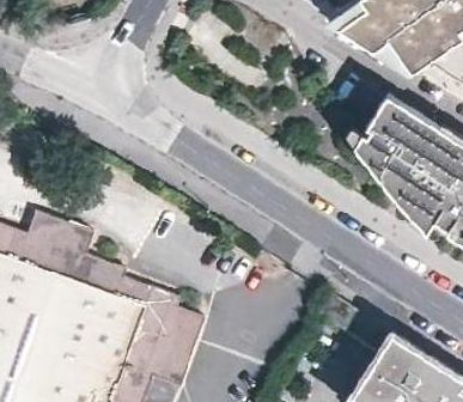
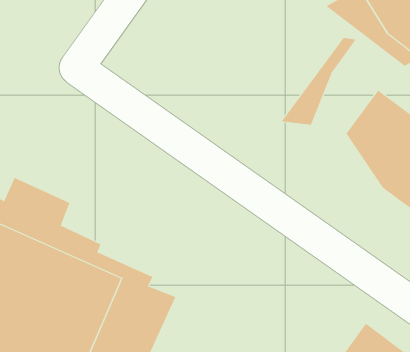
building: none -> [281,37,357,126]

